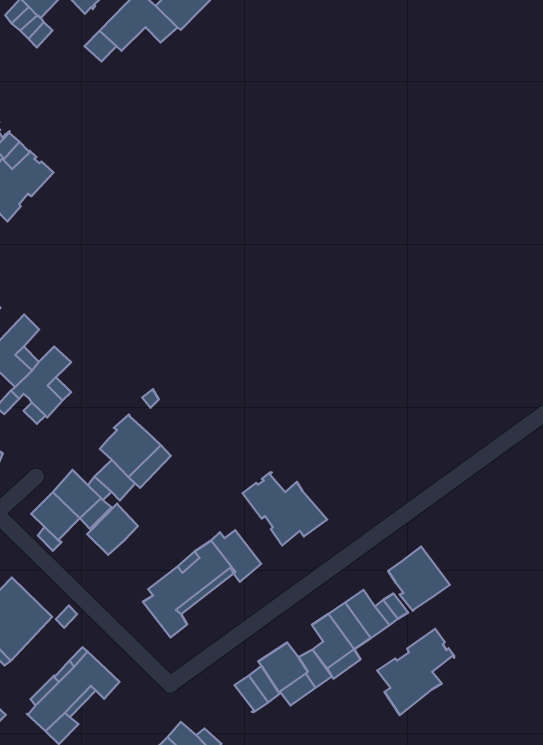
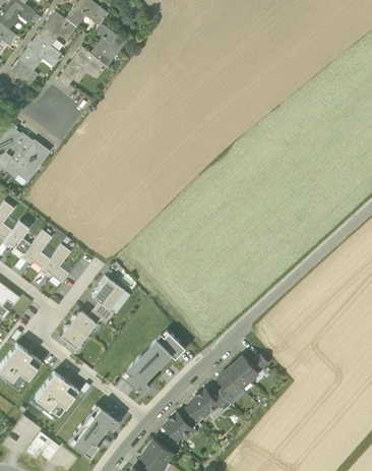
building: [242,472,327,545] -> none
building: [87,504,138,555] -> none
building: [388,547,450,611] -> none
building: [377,629,454,715] -> none
building: none -> [165,411,192,439]

